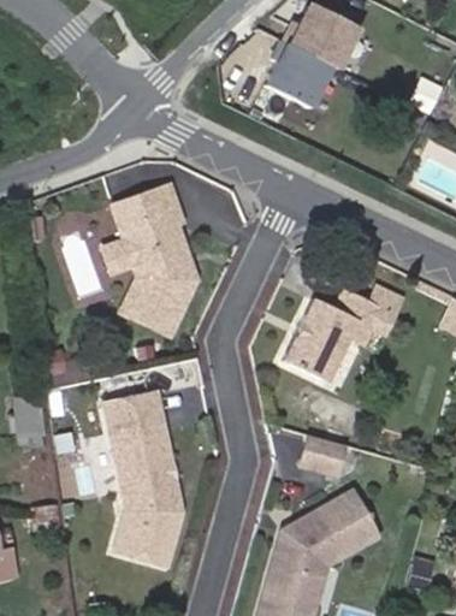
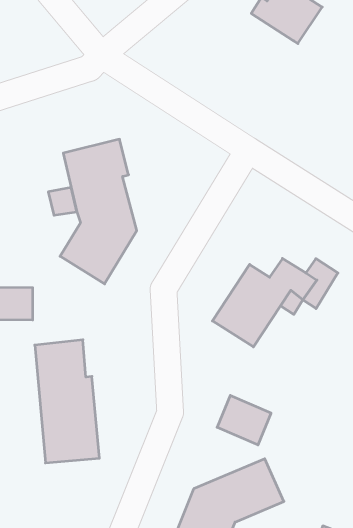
building: [261,41,332,108] -> none
building: [120,510,183,564] -> none

